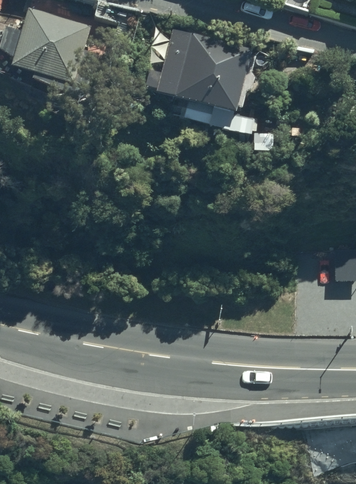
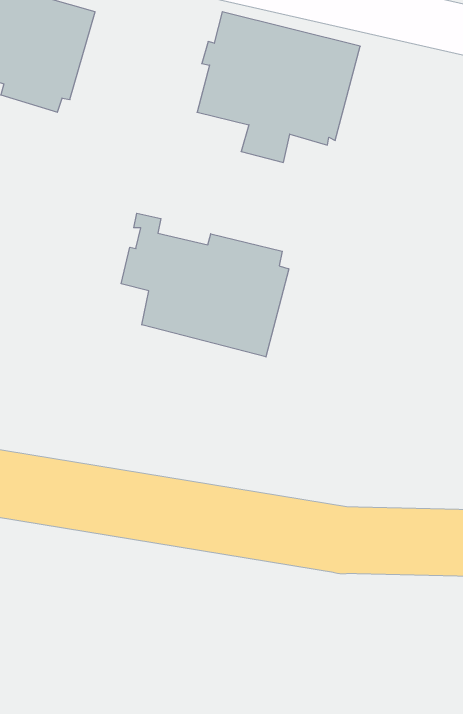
building: none -> [121,213,289,357]

